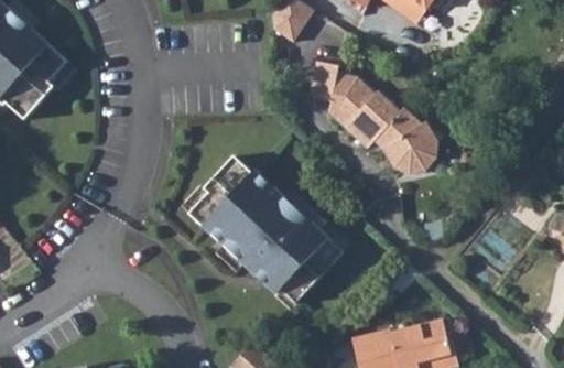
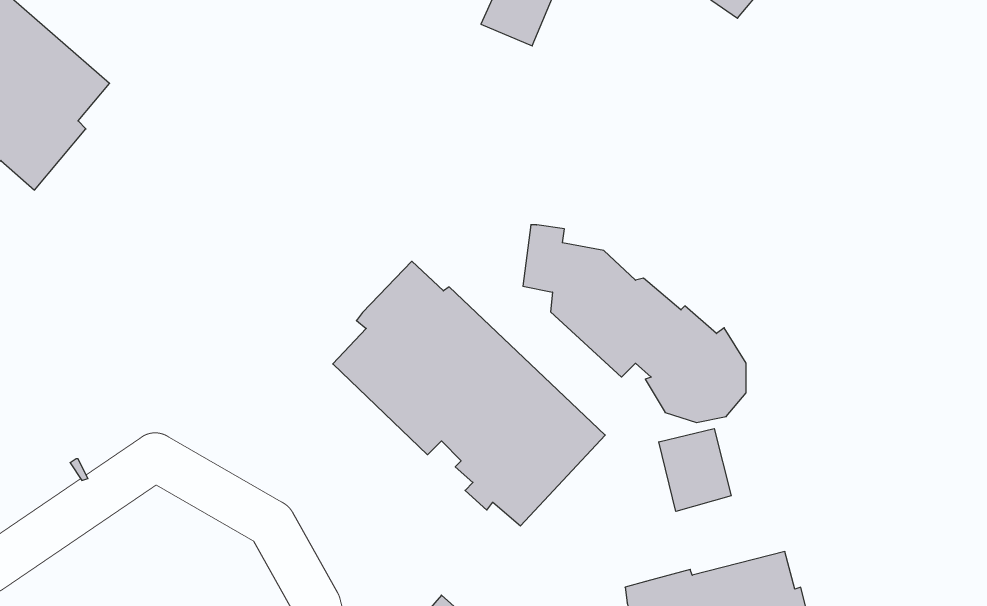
building: [312,64,436,174] -> [523,225,746,423]
building: none -> [659,429,731,511]

